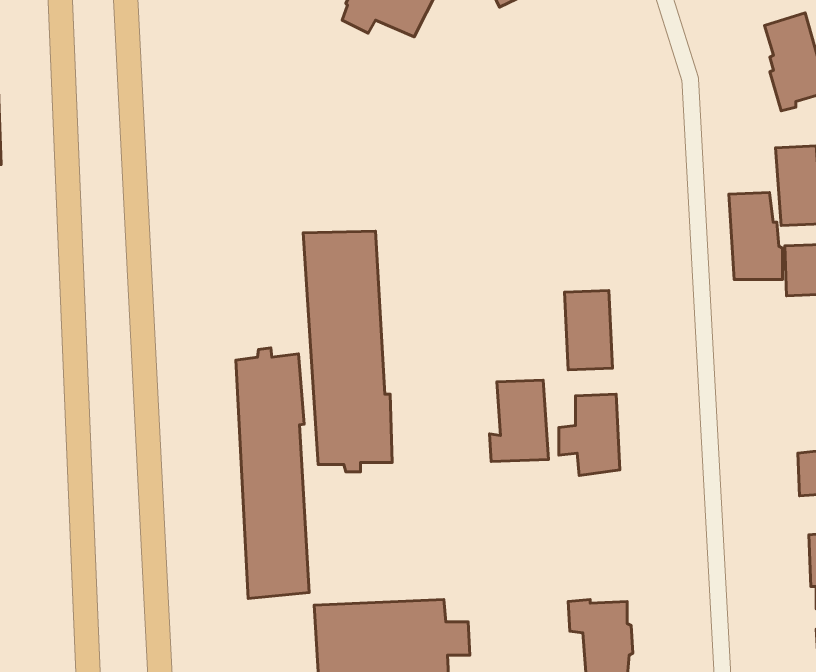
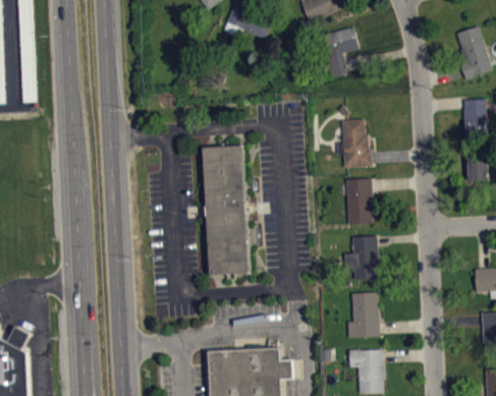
building: none -> [320,25,357,76]
building: [729,192,782,279] -> [341,118,371,166]
building: [236,348,309,599] -> none
building: [489,380,549,461] -> [346,291,379,336]

